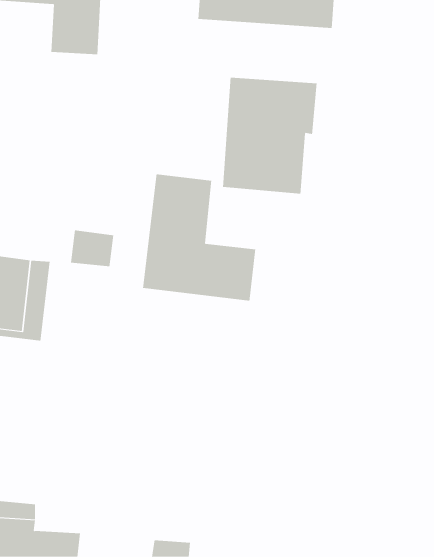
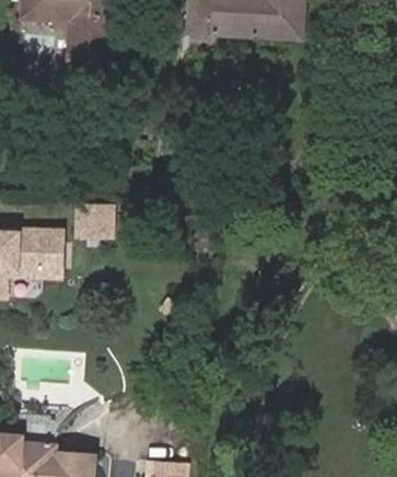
building: [223,77,317,195] -> none
building: [142,173,256,301] -> none

